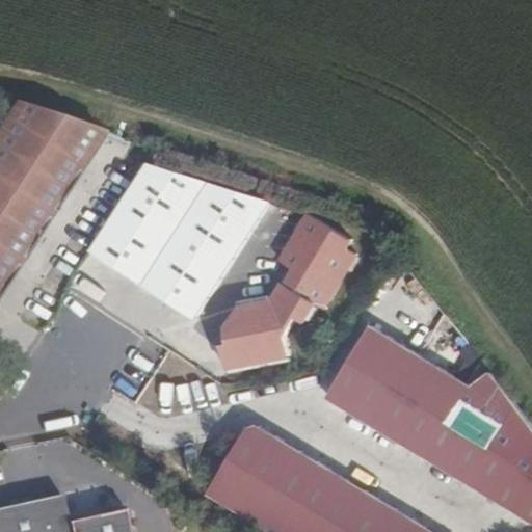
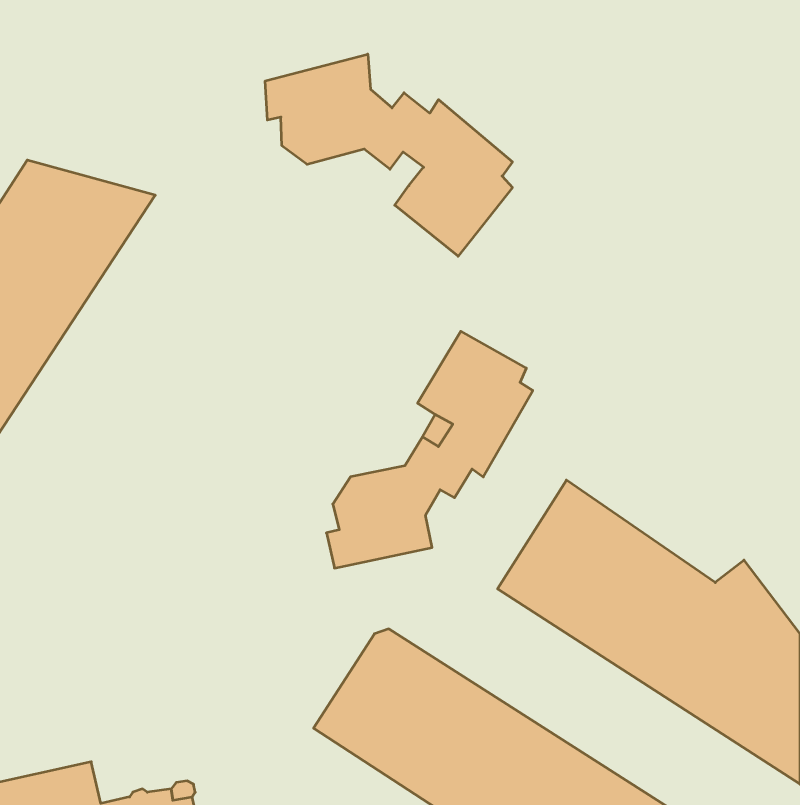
building: none -> [265,54,512,256]
building: [96,166,275,317] -> none

